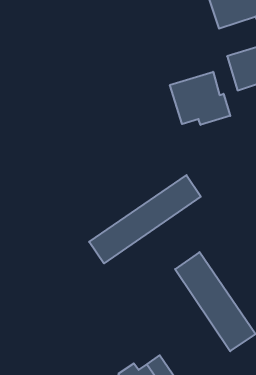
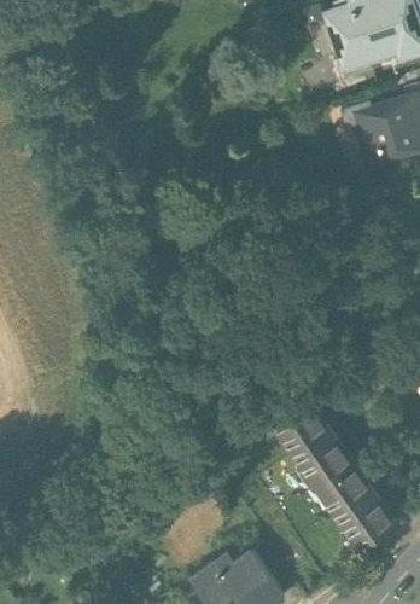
building: [170,72,230,125] -> none
building: [89,175,201,263] -> none

